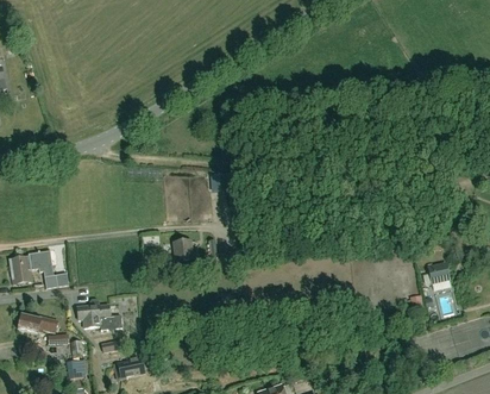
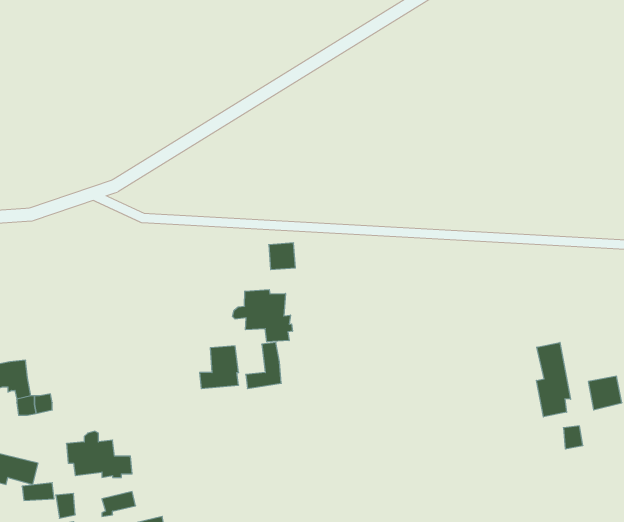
building: none -> [233,290,292,342]
building: none -> [536,342,571,417]

